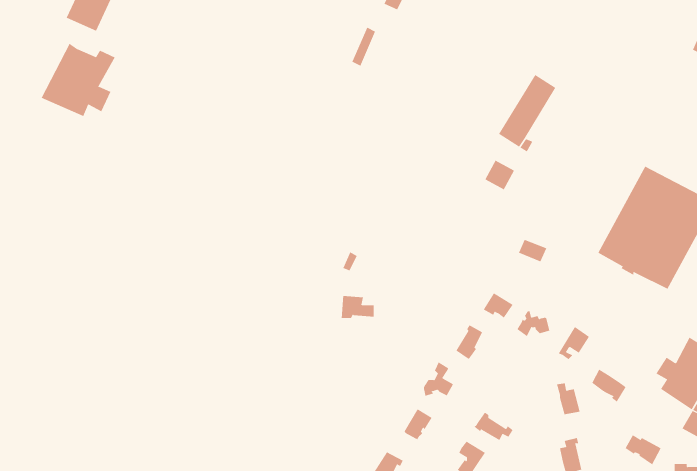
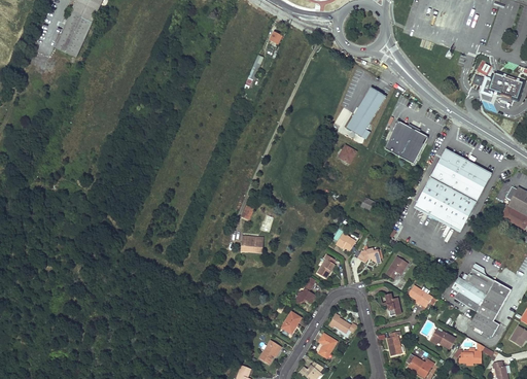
building: [41,43,116,117] -> none
building: none -> [383,119,427,162]

